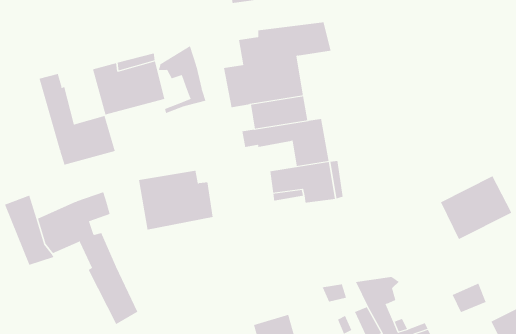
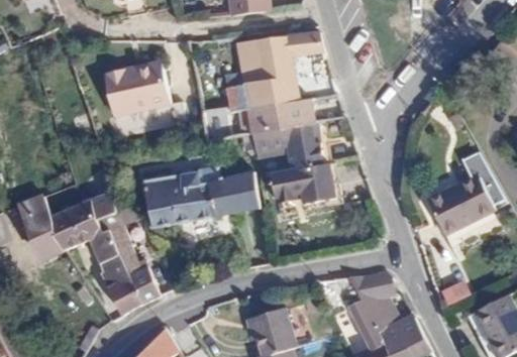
building: [158,45,206,114] -> none
building: [39,73,115,166] -> none
building: none -> [198,168,260,219]
building: none -> [98,213,161,305]

